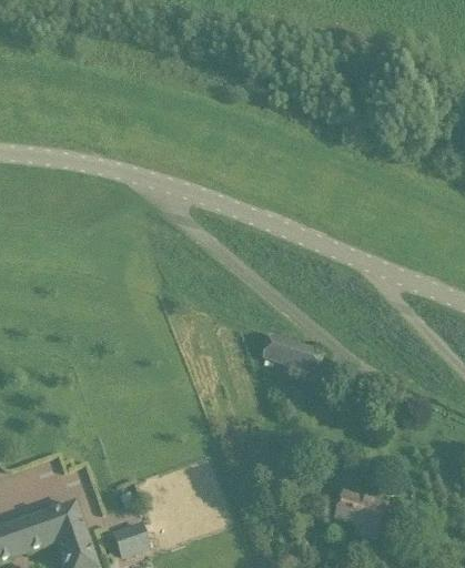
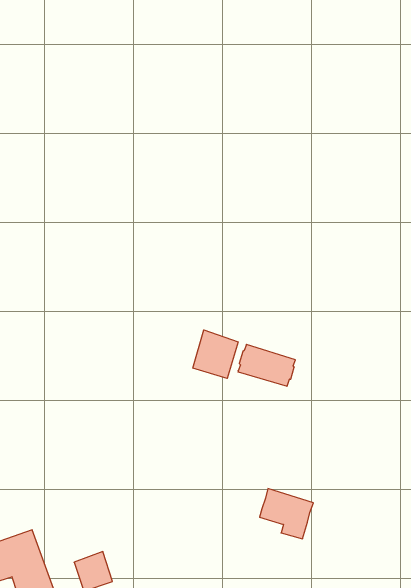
building: none -> [193,330,238,378]
building: [337,489,387,536] -> [260,489,313,539]

